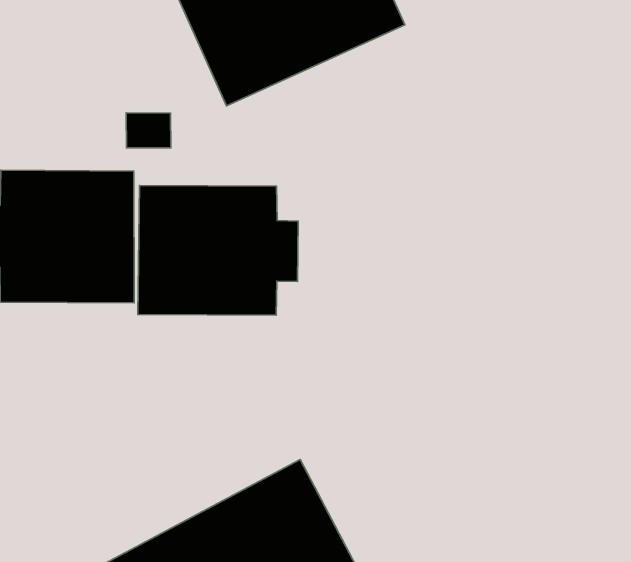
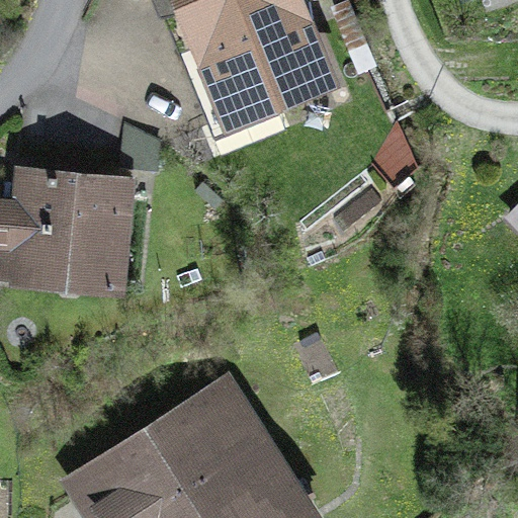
building: [138,185,298,315] -> none

